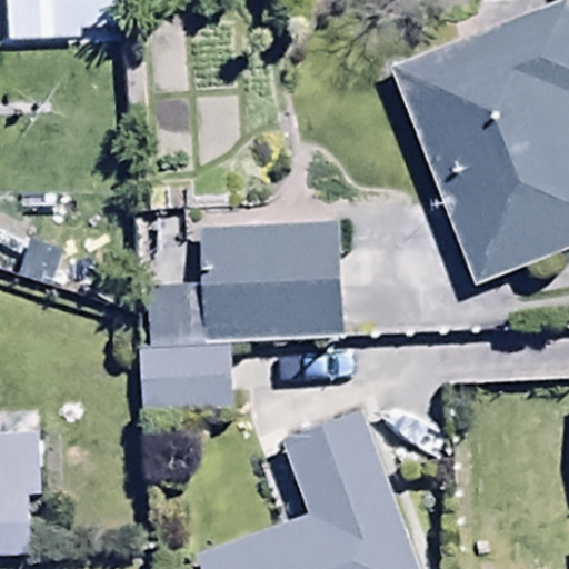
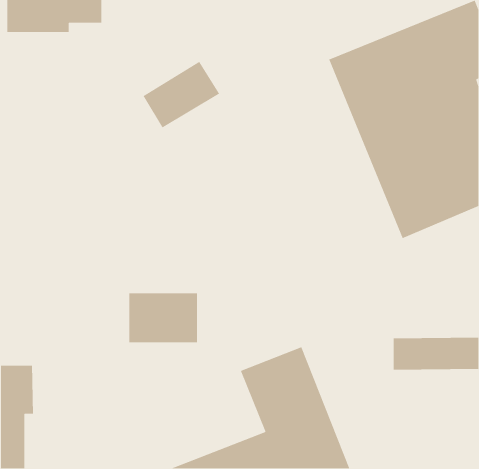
building: [143,224,340,335] -> none

